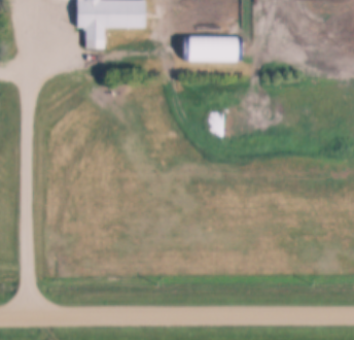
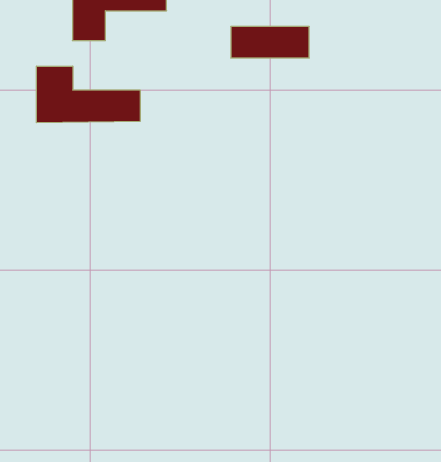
building: none -> [37,66,140,123]

